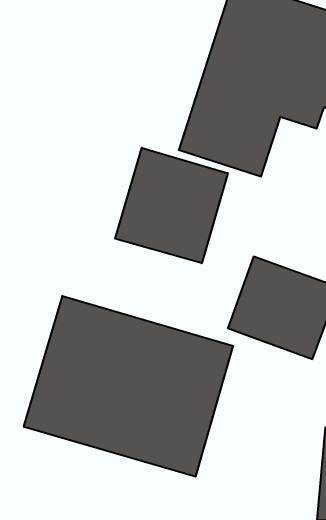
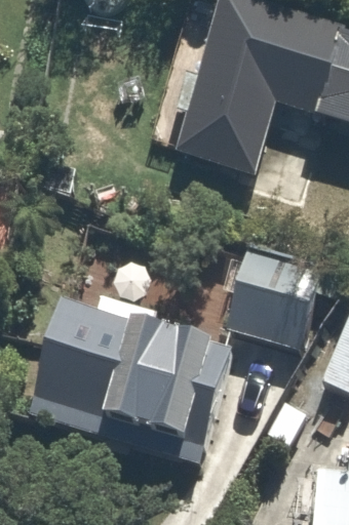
building: [115,148,228,263] -> none

